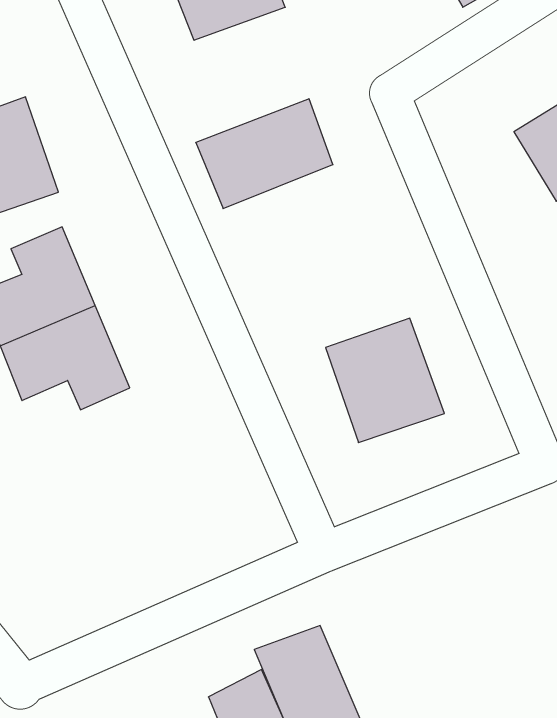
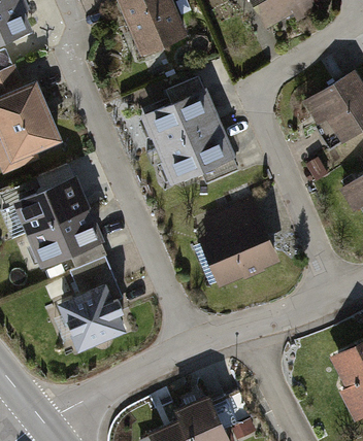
building: none -> [153,125,230,185]
building: none -> [57,250,118,342]

